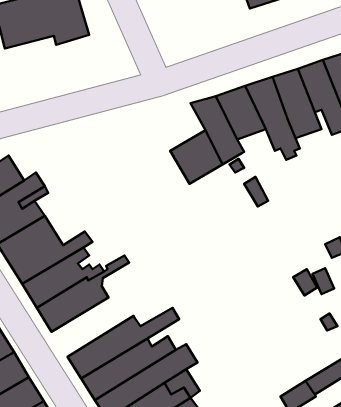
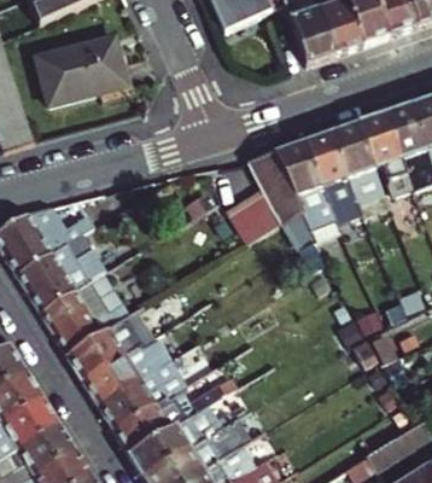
building: none -> [97,356,183,427]

